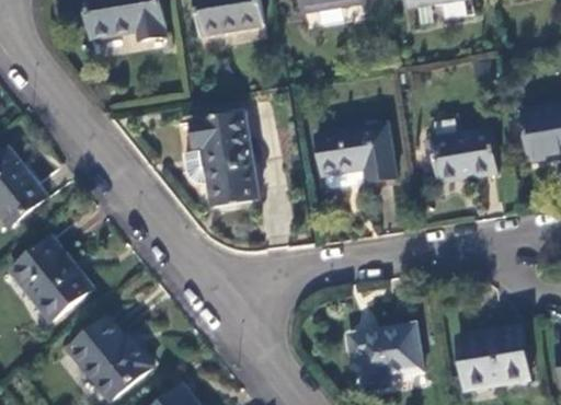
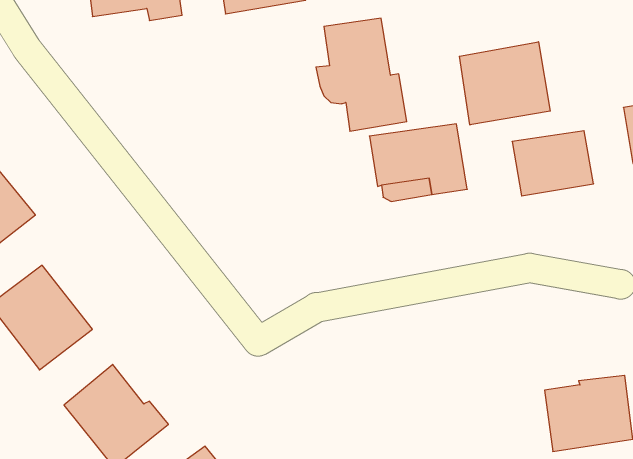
building: none -> [459,42,550,125]
building: [183,114,256,205] -> [316,18,407,131]
building: [347,322,422,385] -> none

